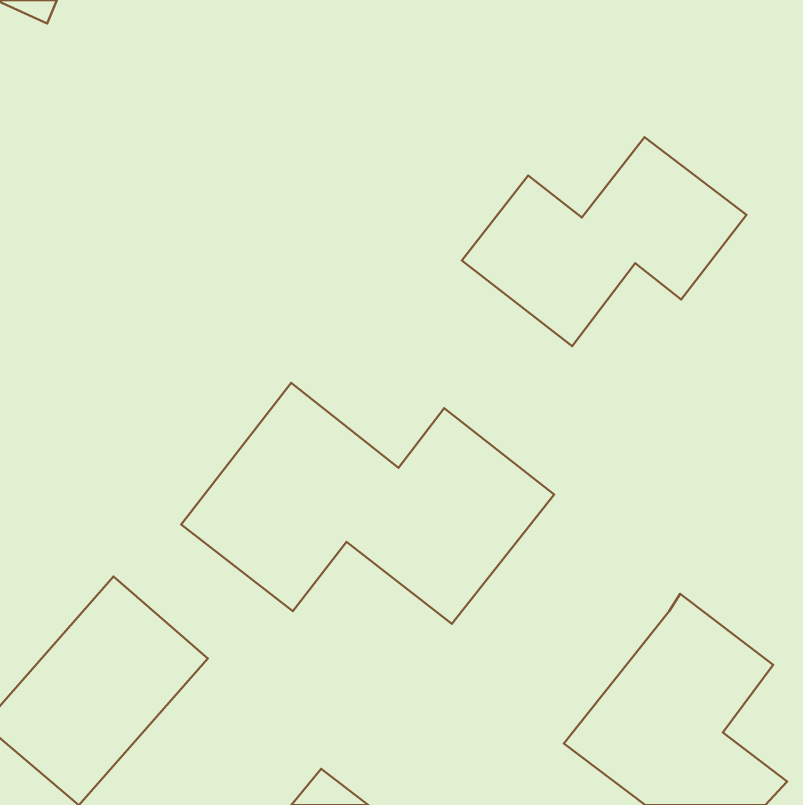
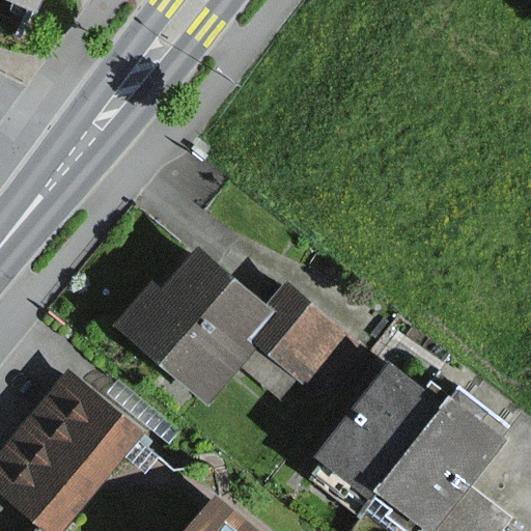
building: [462,137,746,346] -> none
building: none -> [313,361,441,496]

